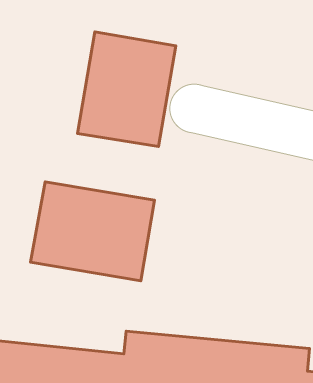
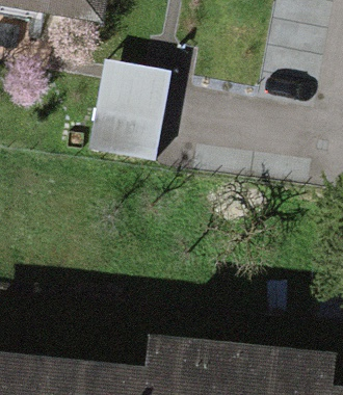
building: [31,182,154,281] -> none

